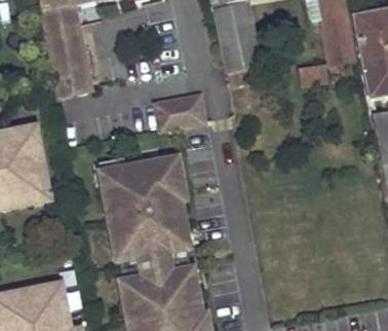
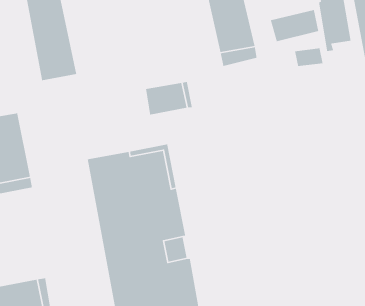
building: none -> [270,9,319,42]

